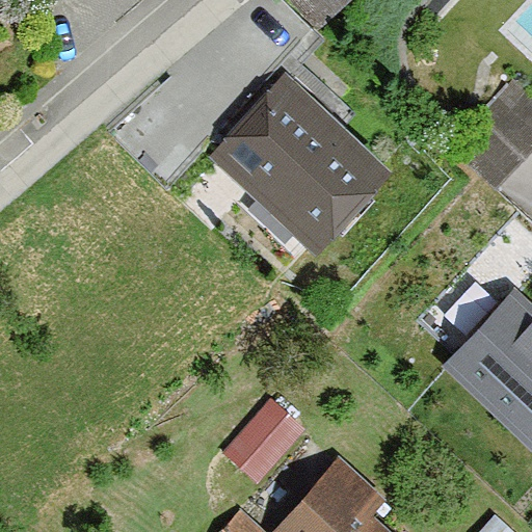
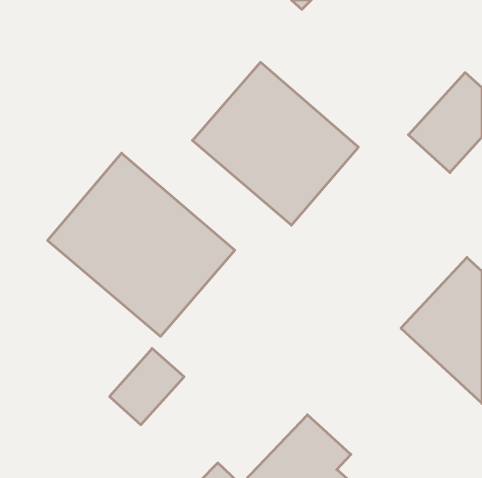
building: none -> [48,153,235,336]
building: [223,403,305,487] -> [110,348,184,425]

